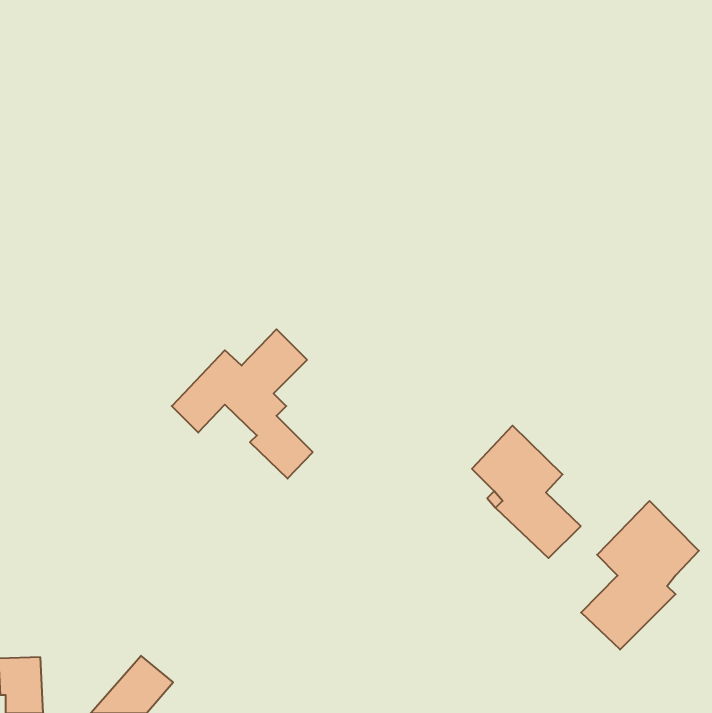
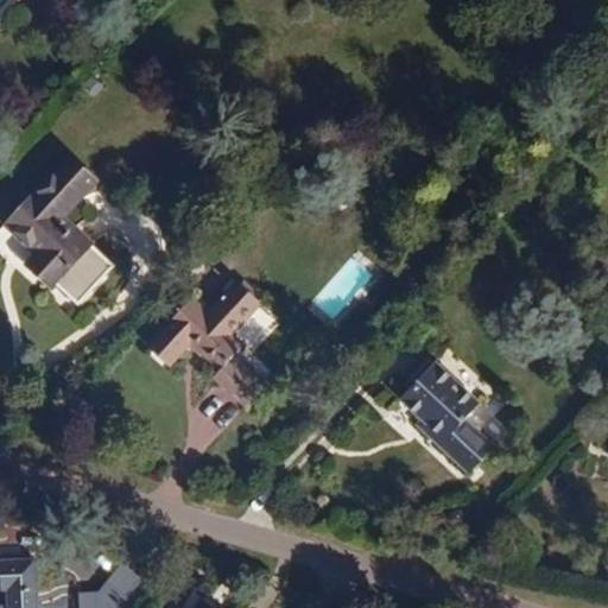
building: none -> [5,157,115,304]
building: [581,501,699,650] -> none

